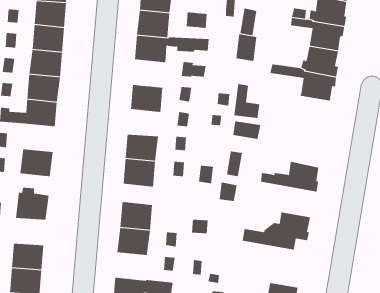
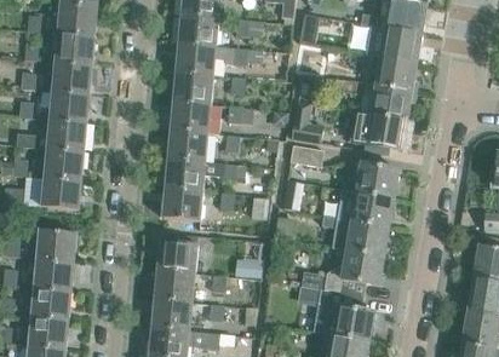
building: none -> [172,74,212,106]
building: none -> [350,111,405,150]
building: none -> [166,132,206,163]
building: none -> [44,149,82,182]
building: none -> [357,163,398,200]
building: none -> [321,217,389,258]
building: none -> [33,259,71,290]
building: none -> [298,286,374,340]
building: none -> [151,299,190,332]

